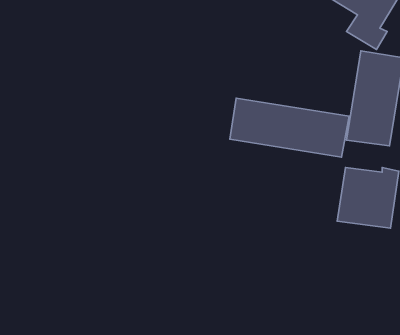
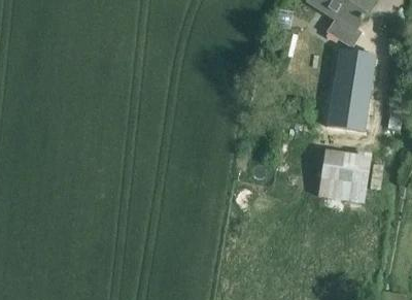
building: [230,98,349,157] -> none

